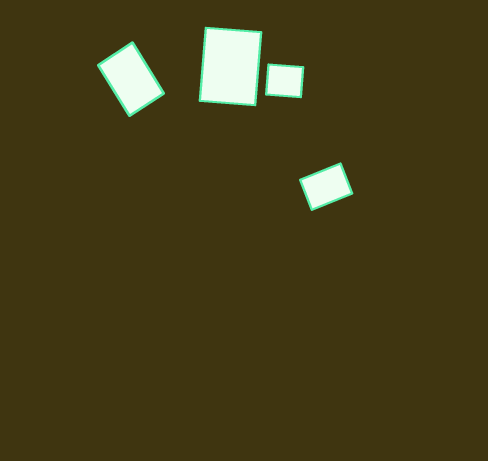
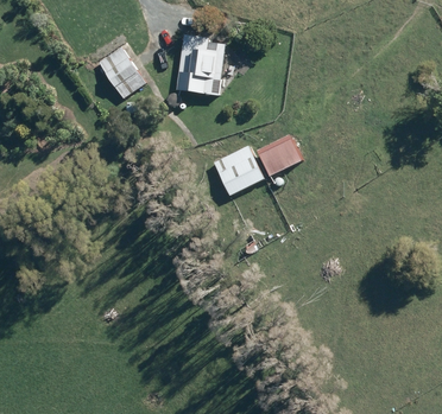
building: [266,64,303,97] -> none
building: none -> [211,145,264,195]

